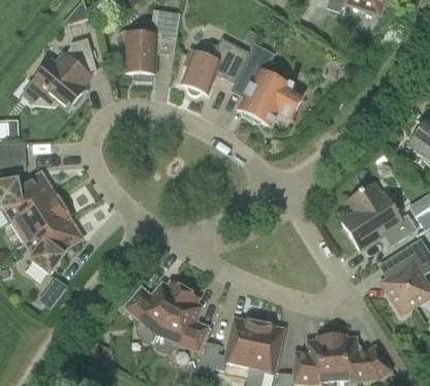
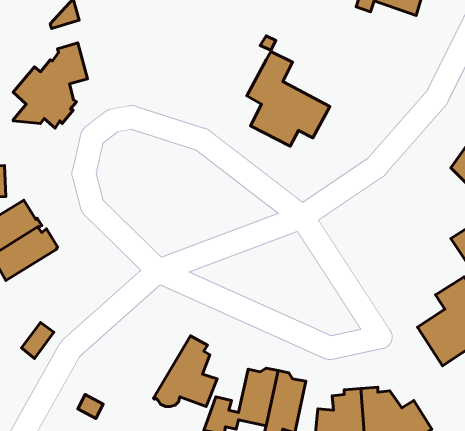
building: [117,9,180,81] -> none
building: [180,37,249,95] -> none
building: [341,183,414,248] -> none
building: [25,215,80,274] -> none
building: [124,281,184,343] -> none

